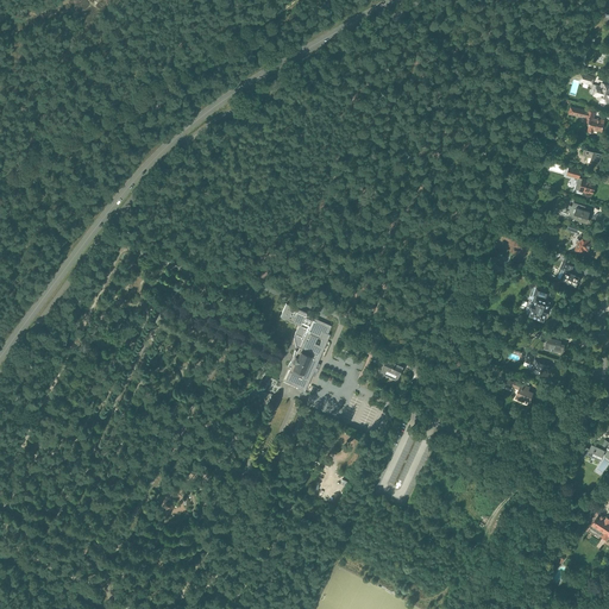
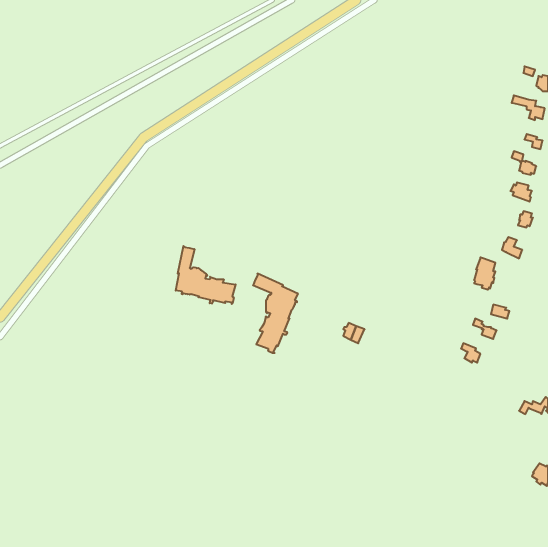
building: none -> [176,246,236,304]

